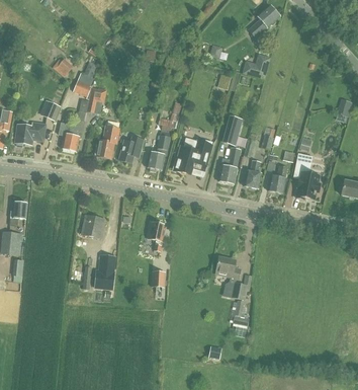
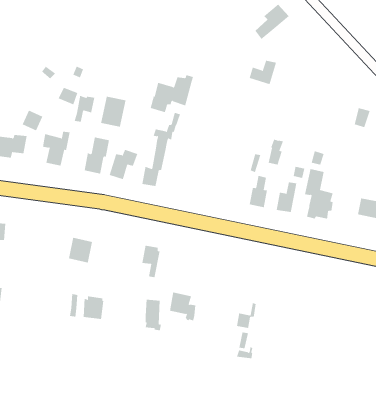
building: none -> [101,96,126,128]
building: [220,114,241,146] -> none
building: [172,139,211,173] -> [150,74,194,113]
building: [216,154,238,183] -> none
building: [214,256,239,283] -> [169,292,196,321]

